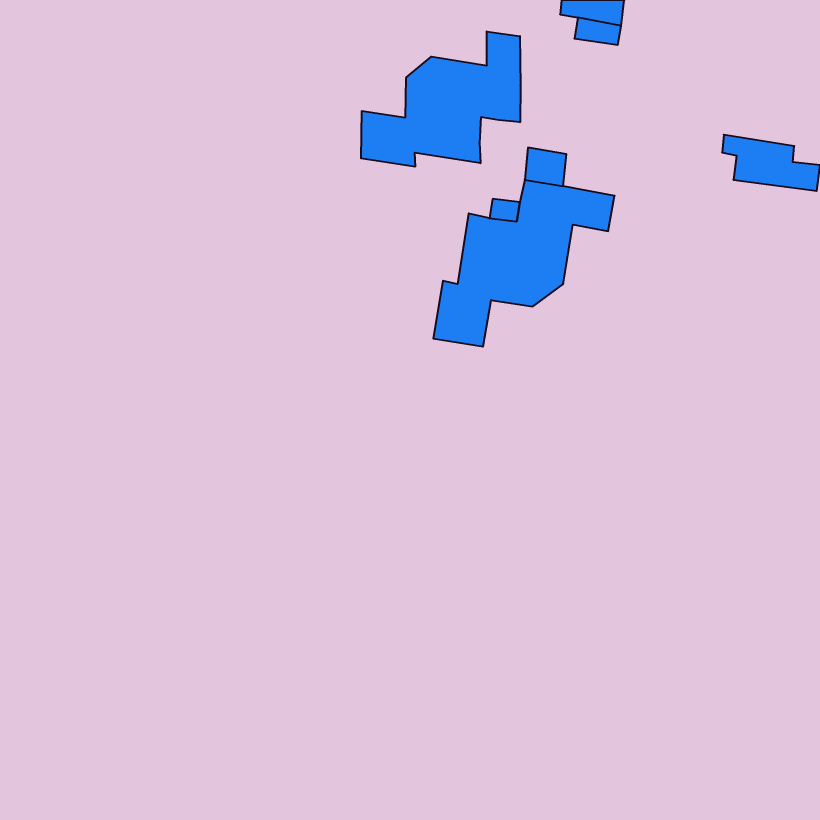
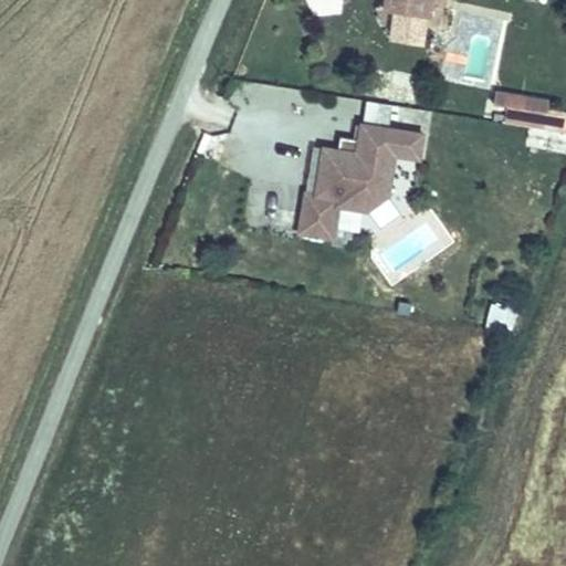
building: [361,31,520,167] -> none

